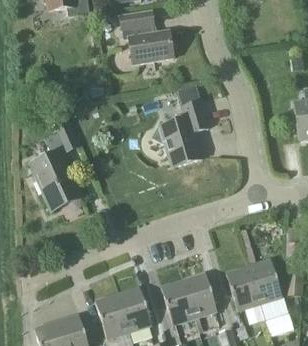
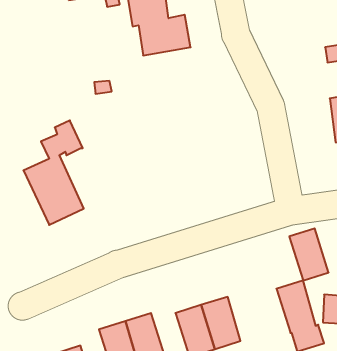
building: [153,84,209,168] -> none
building: [226,266,260,311] -> [289,228,329,281]

